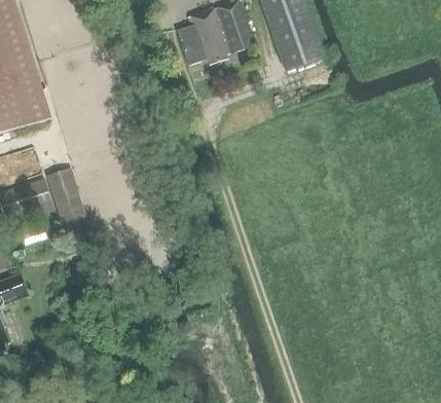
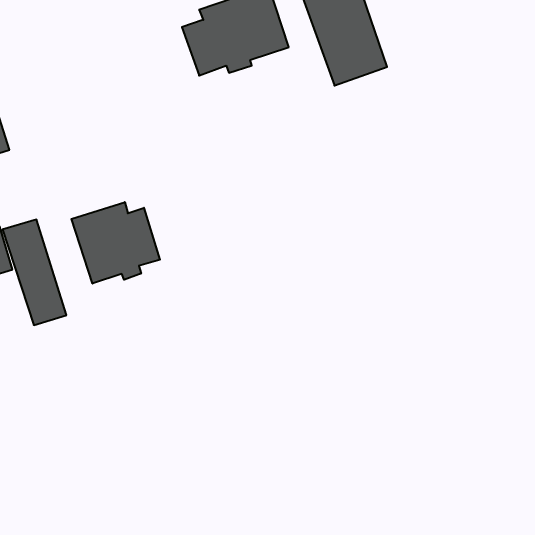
building: none -> [71,202,160,284]

